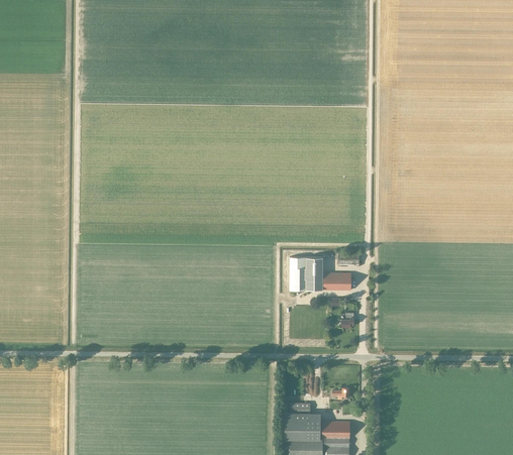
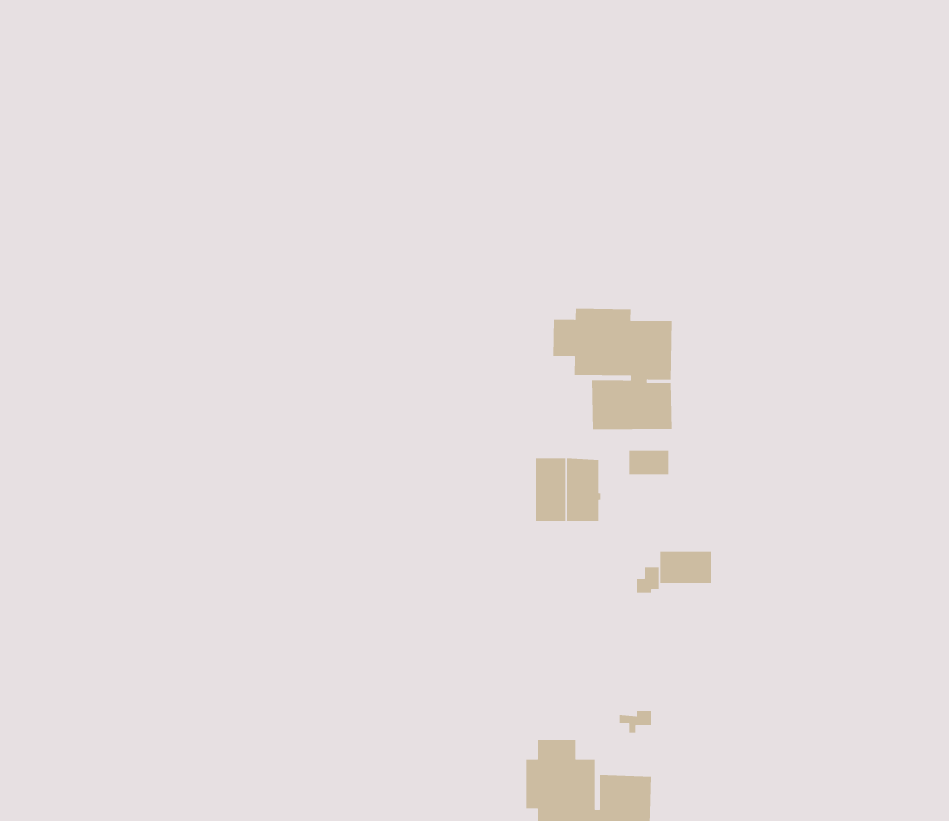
building: none -> [552,308,673,430]
building: [323,272,350,290] -> [660,551,712,584]

